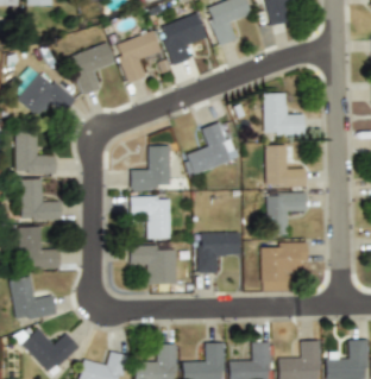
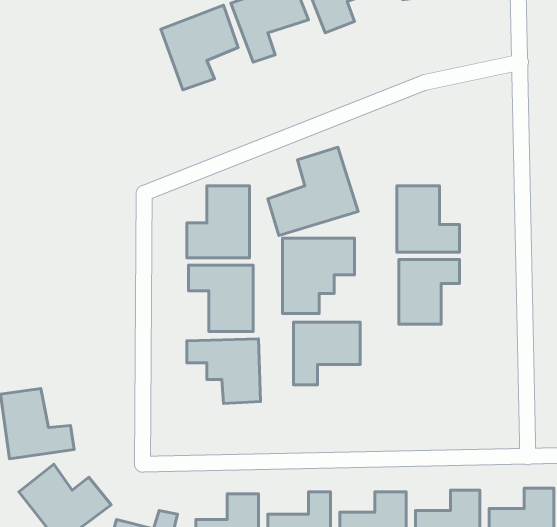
building: [71,43,118,95] -> none
building: [15,69,76,115] -> none
building: [265,94,304,134] -> none
building: [15,132,56,175] -> none
building: [21,179,62,221] -> none
building: [20,227,61,269] -> none
building: [262,242,308,291] -> [282,238,354,314]

